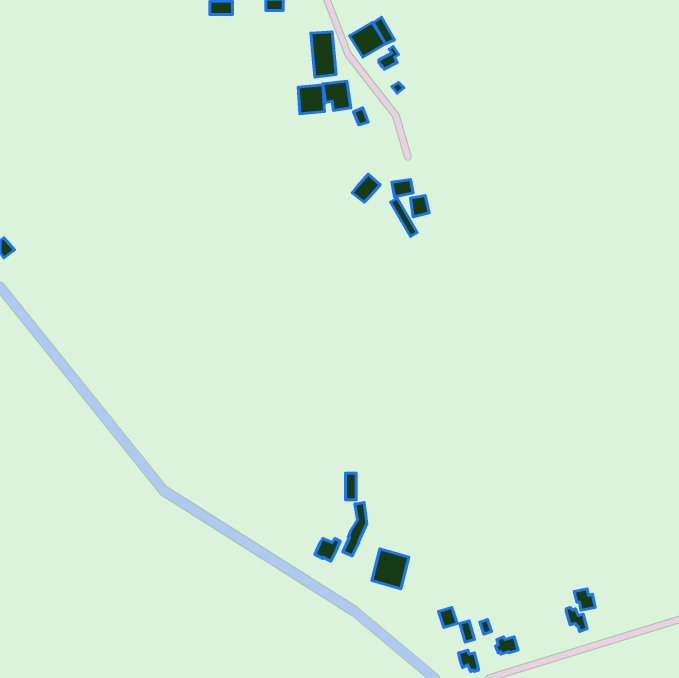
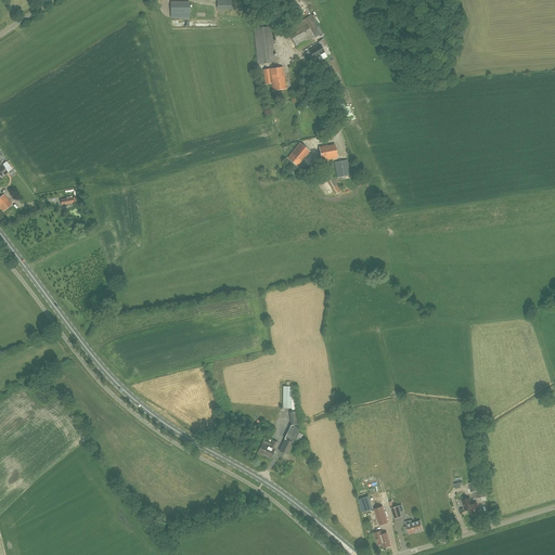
building: [298,85,325,114] -> none
building: [372,549,409,589] -> none

